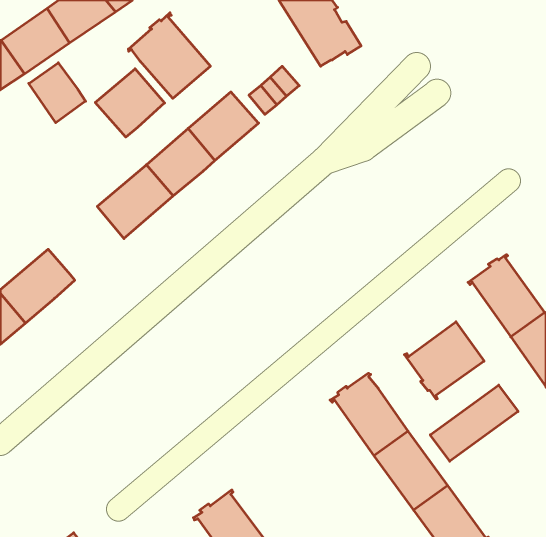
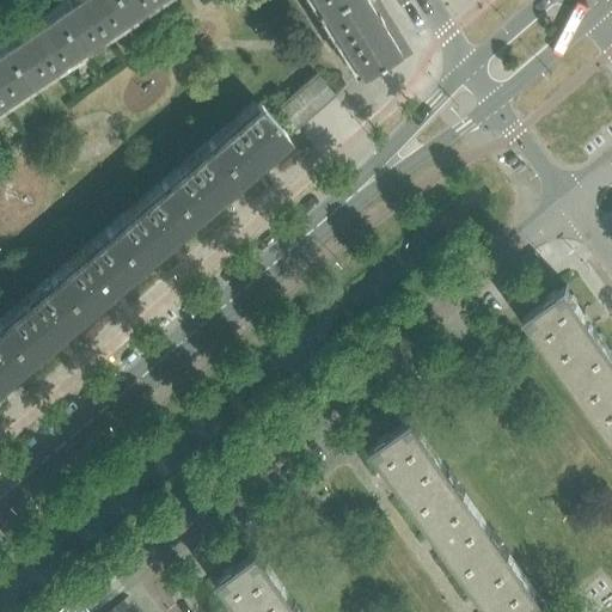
building: [128,13,210,98] -> none
building: [29,63,86,123] -> none
building: [95,69,165,137] -> none
building: none -> [54,241,139,324]
building: [404,322,484,399] -> none
building: [430,385,518,461] -> none

